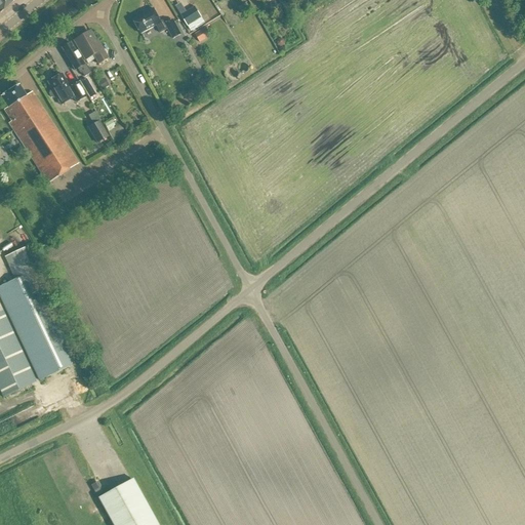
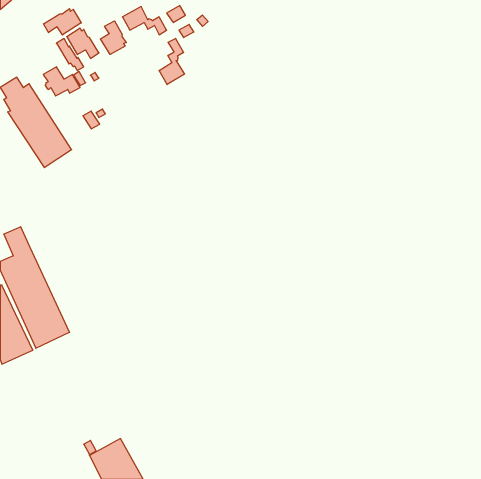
building: none -> [44,9,81,35]
building: none -> [100,21,126,54]
building: none -> [159,38,185,85]

